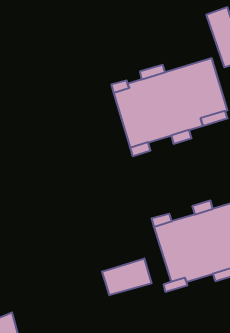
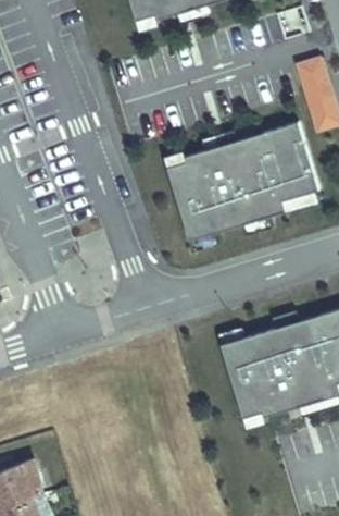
building: [102,258,152,295] -> none

